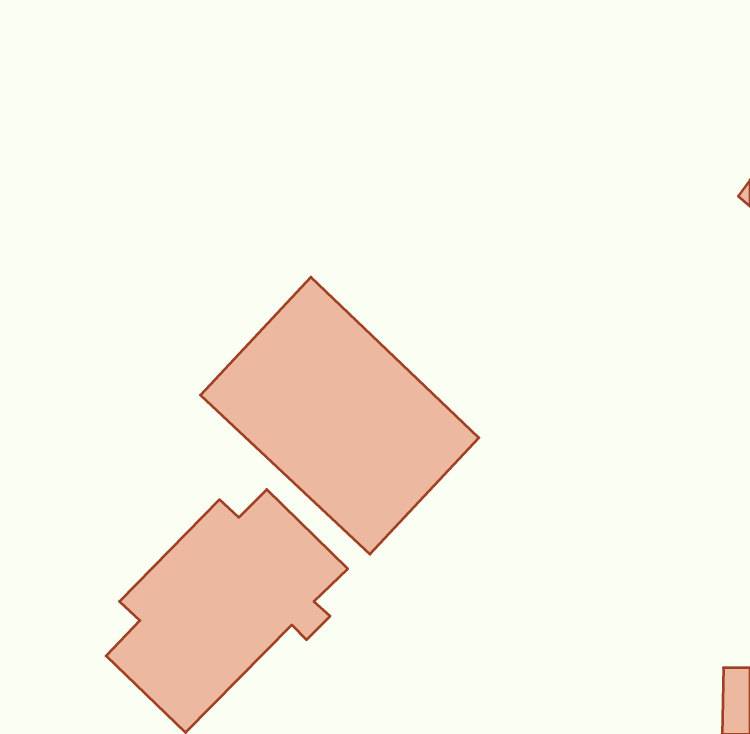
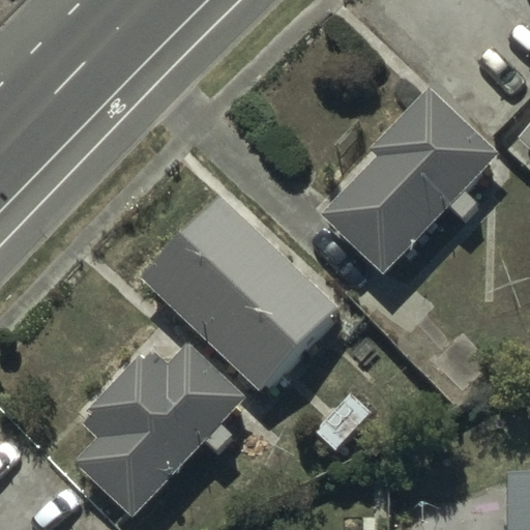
building: none -> [322,89,497,271]

